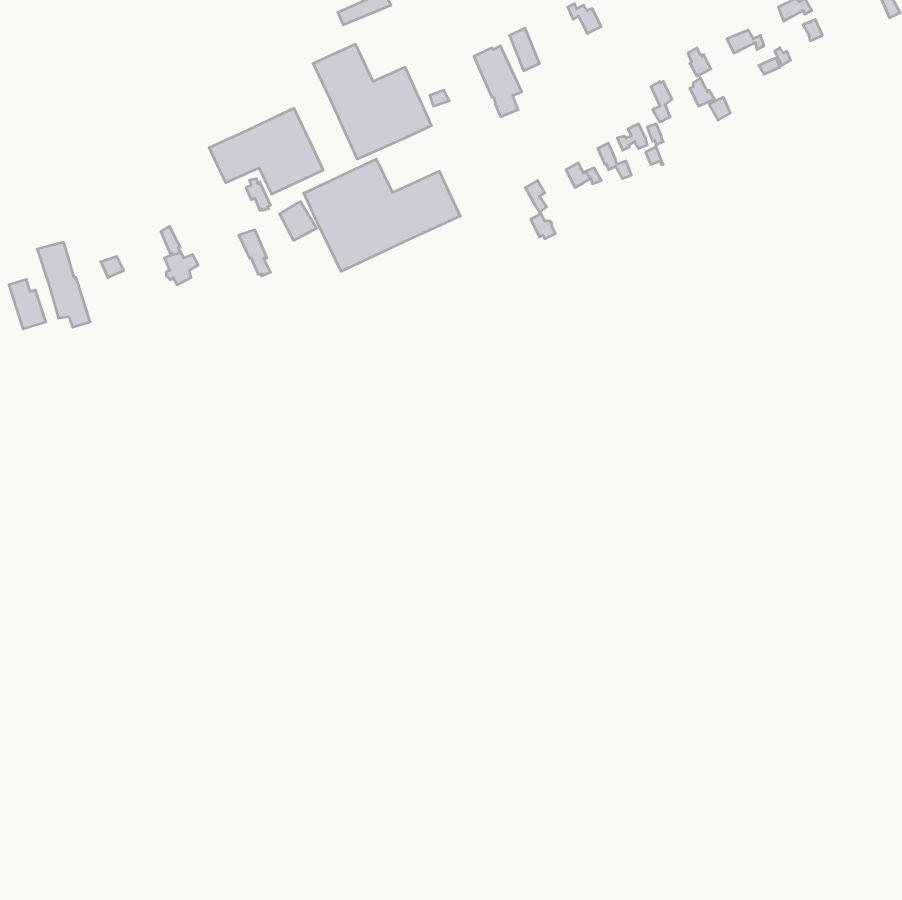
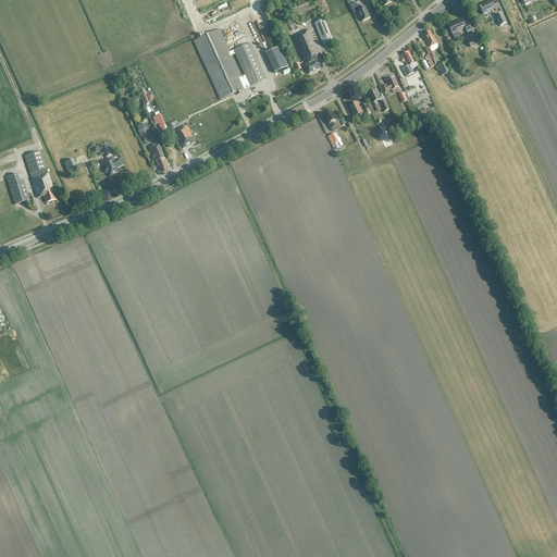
building: [209,108,323,194] -> none
building: [304,159,460,271] -> none

